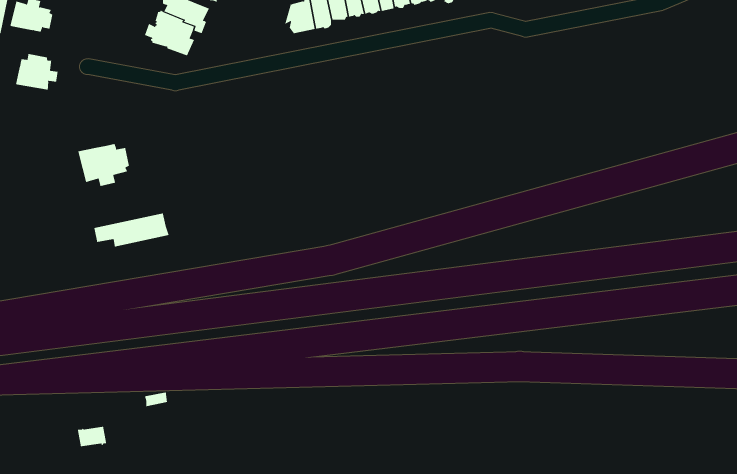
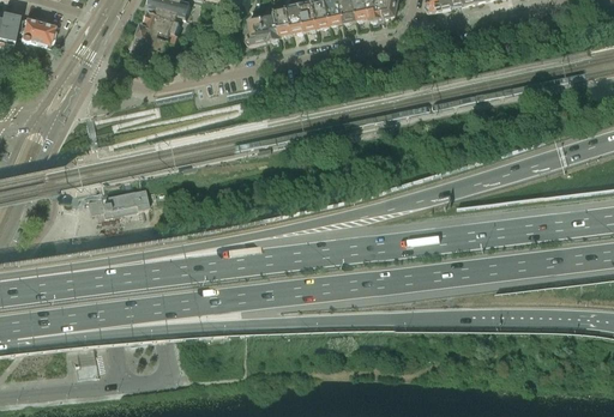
building: [16,53,58,90] -> none
building: [78,143,130,187] -> none

